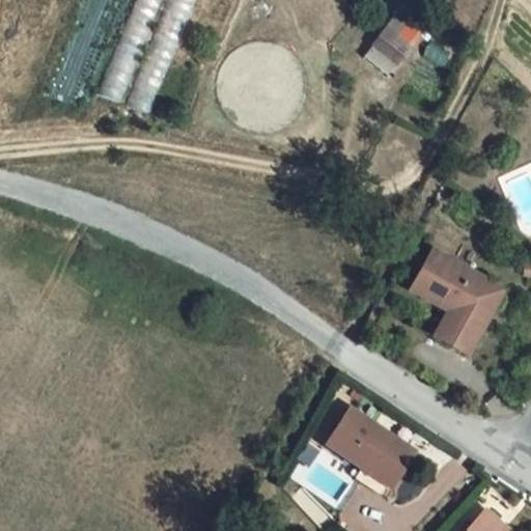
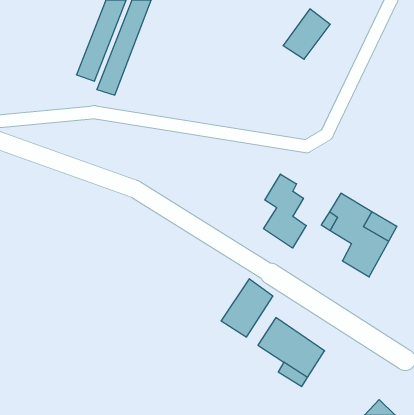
building: none -> [264,174,306,248]
building: none -> [221,279,273,337]

